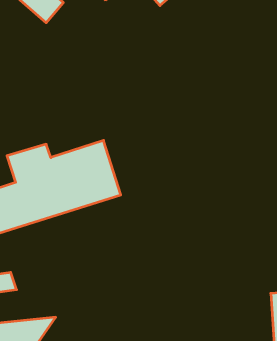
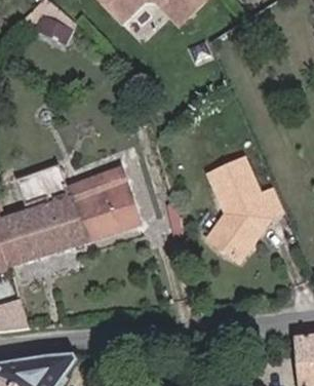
building: none -> [208,153,288,256]

